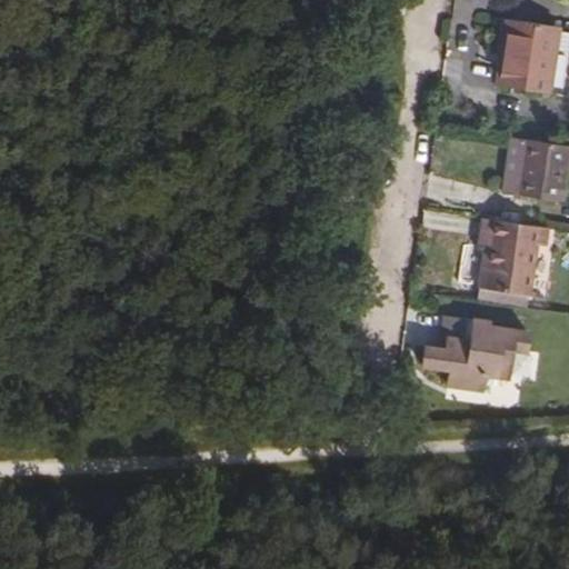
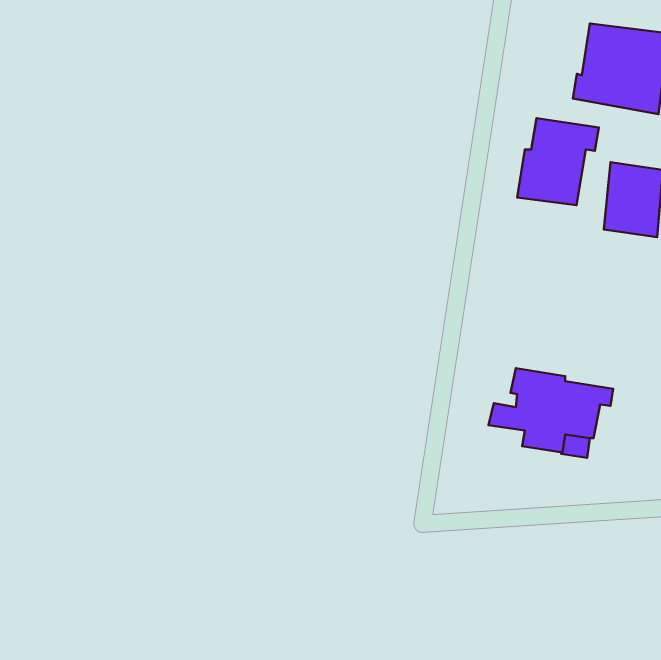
building: [476,218,546,292] -> [517,118,599,205]

